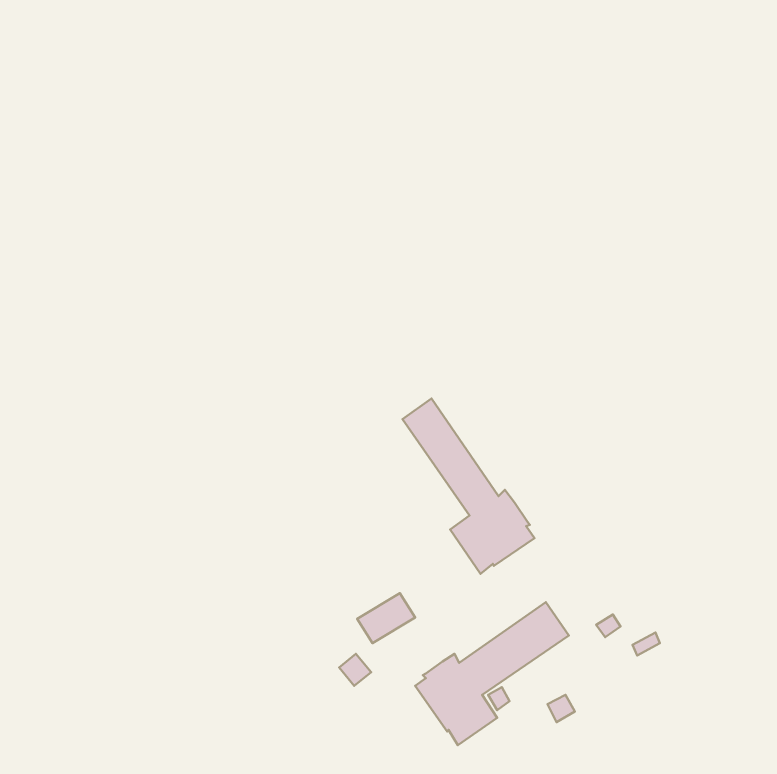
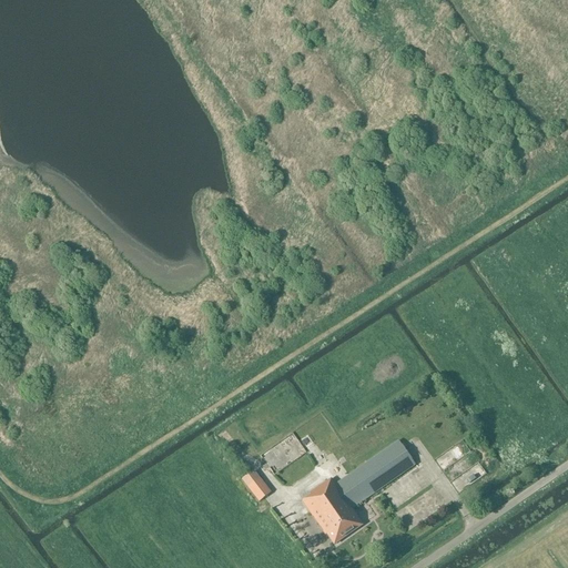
building: [402,398,534,574] -> none

